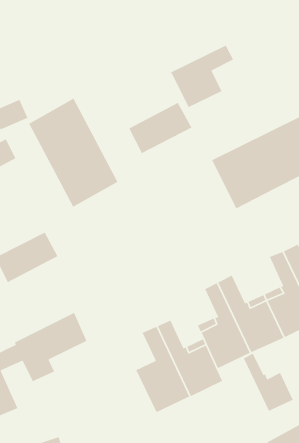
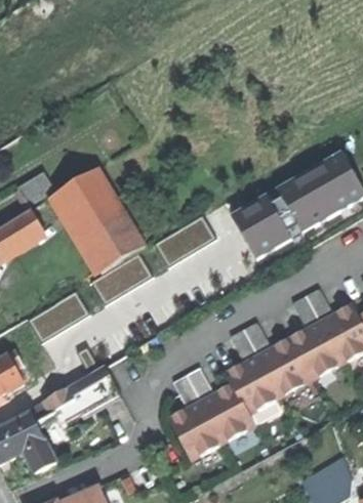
building: [170,44,234,108] -> none
building: [128,102,192,154] -> [152,215,214,268]
building: none -> [88,254,151,307]
building: [243,353,294,412] -> none

